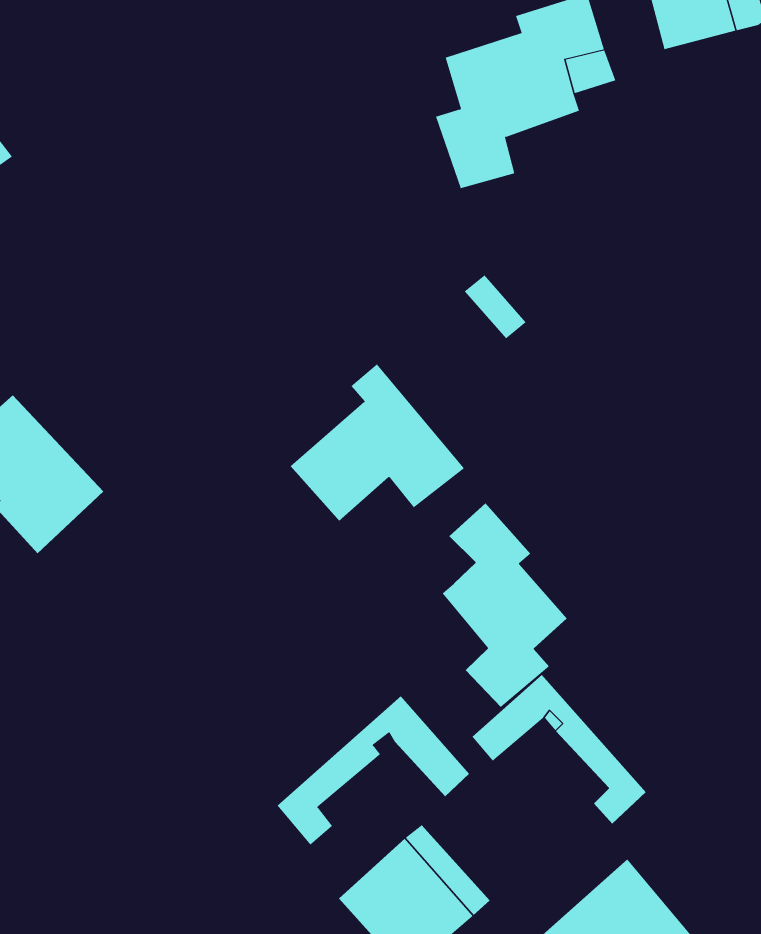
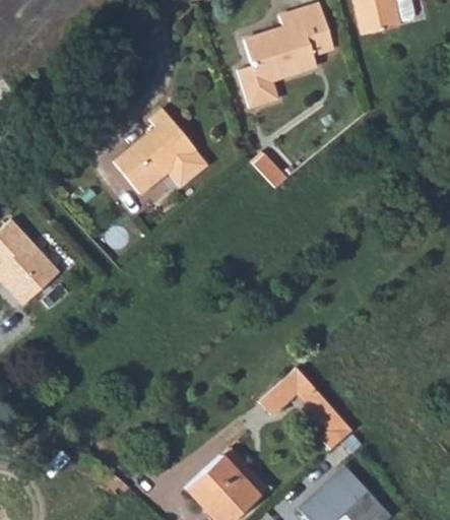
building: [290,363,465,521] -> [116,110,209,194]
building: [442,502,567,708] -> none
building: [277,696,470,845] -> none

